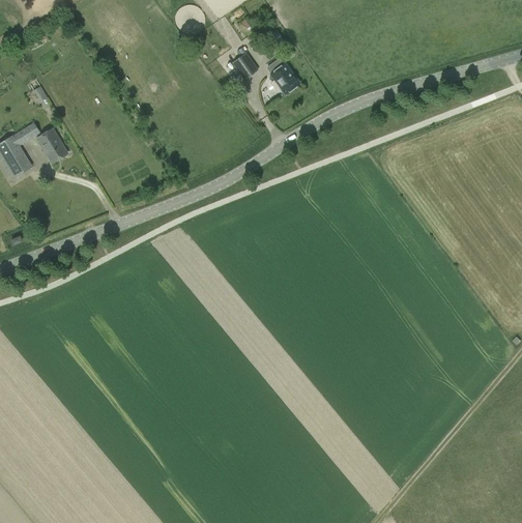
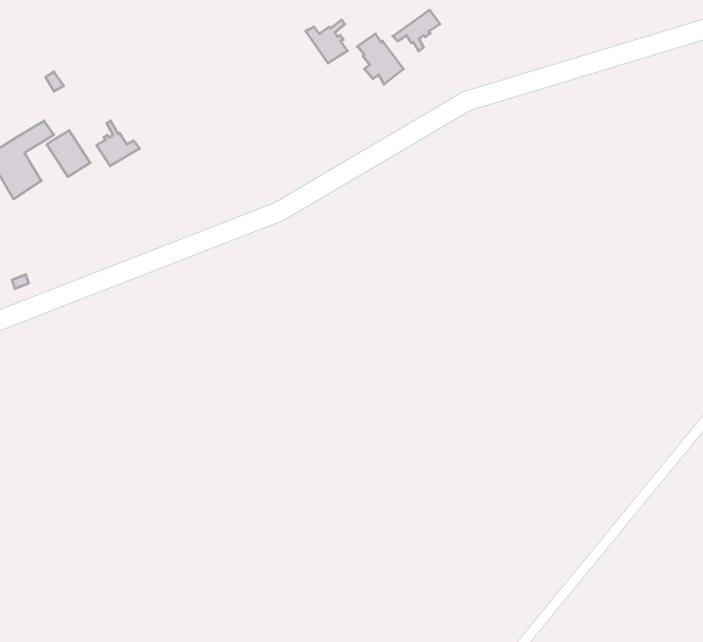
building: none -> [393,10,440,51]
building: none -> [97,121,140,166]

